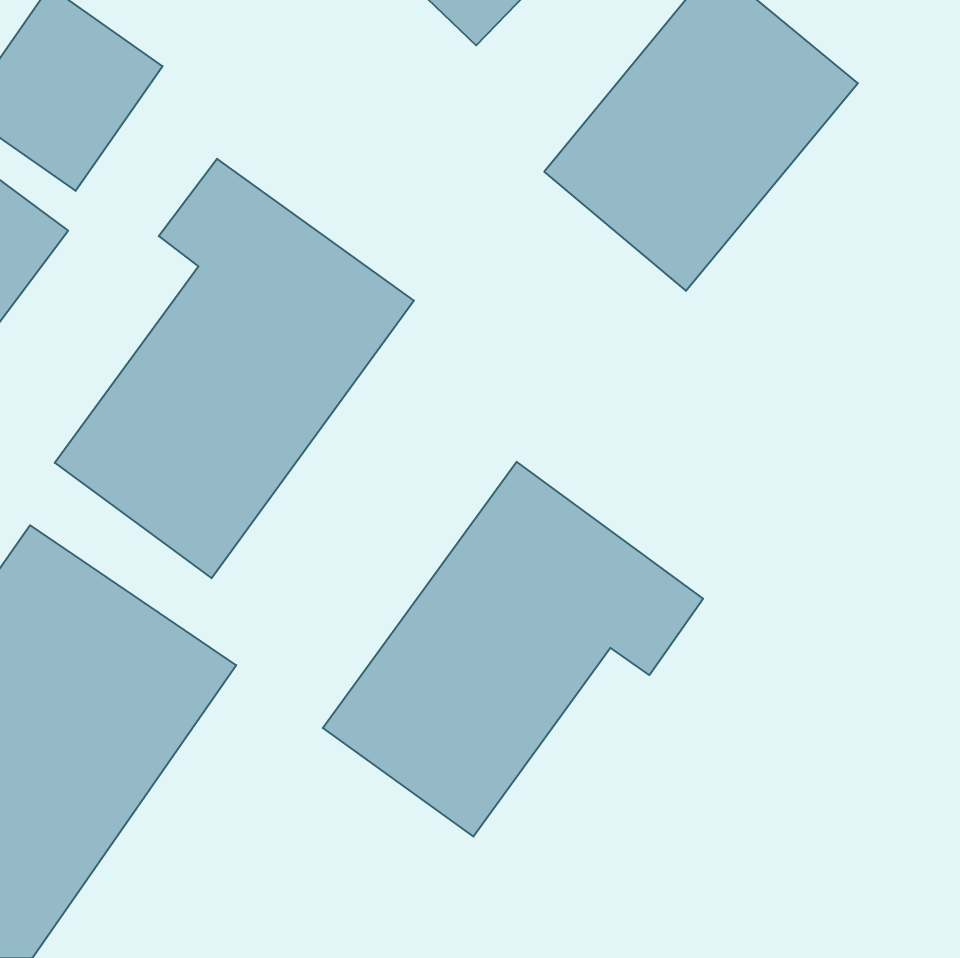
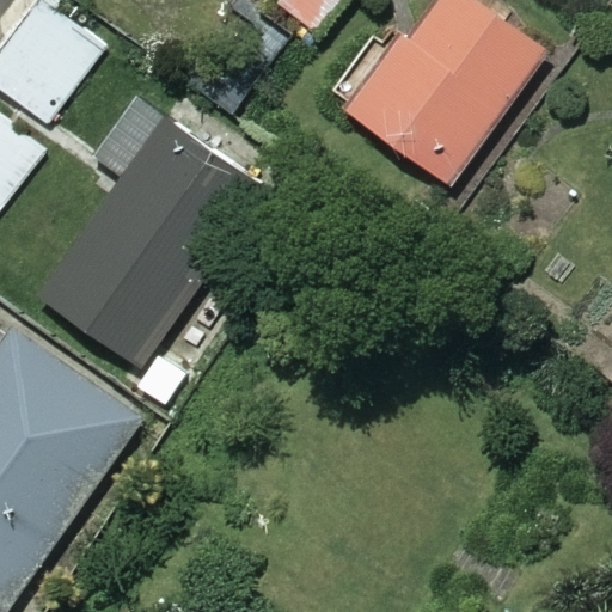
building: [323,462,703,837] -> none

